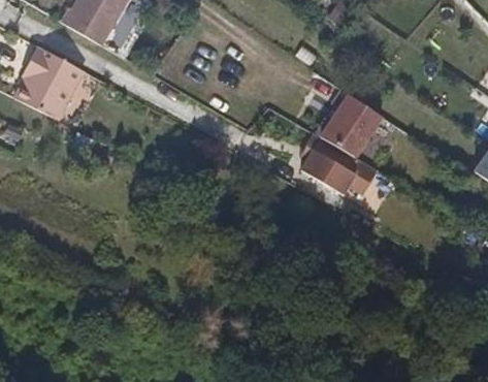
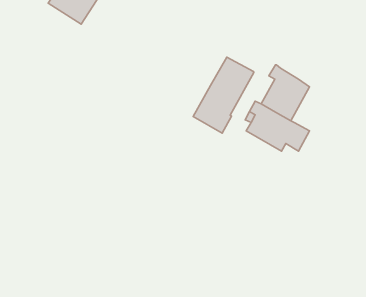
building: [18,46,84,119] -> none
building: none -> [193,57,254,133]

